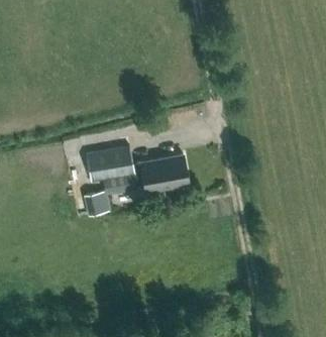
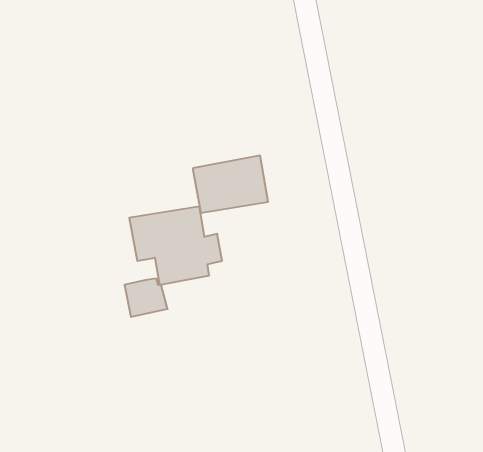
building: [141,156,189,193] -> [193,155,268,213]

